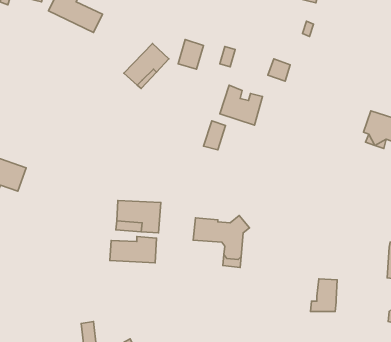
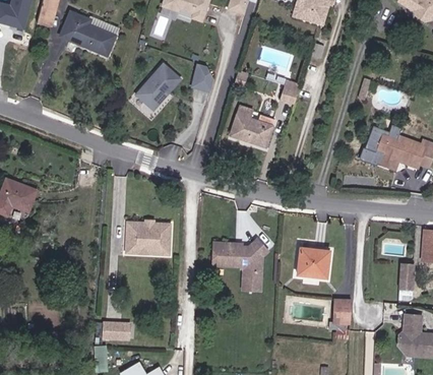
building: [204,121,225,150] -> none
building: none -> [293,244,334,278]
building: [110,237,157,263] -> none
building: none -> [101,320,129,339]

